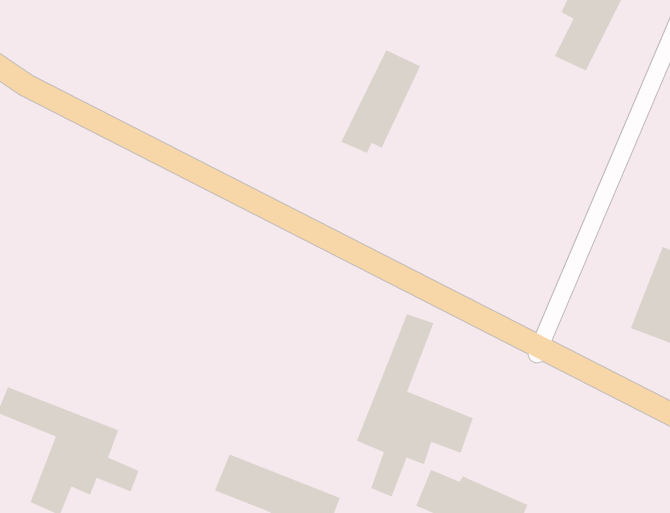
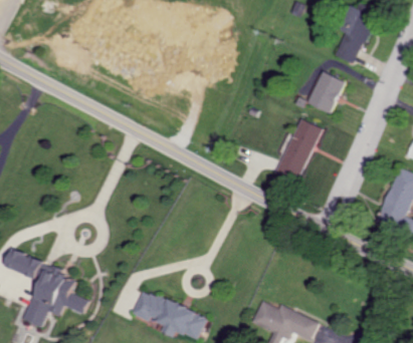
building: [340,49,421,154] -> [273,118,322,181]
building: none -> [308,72,344,113]
building: [356,313,474,497] -> none

